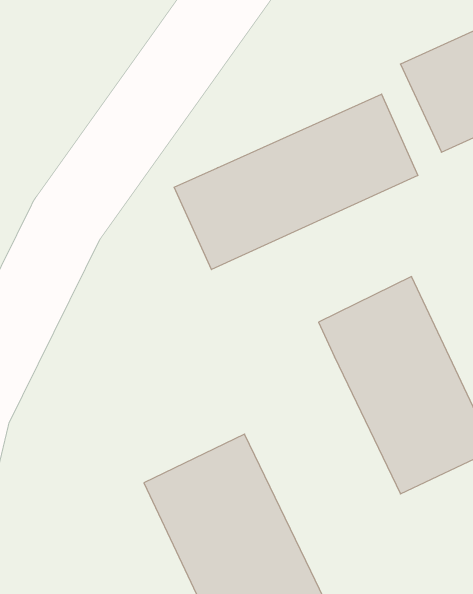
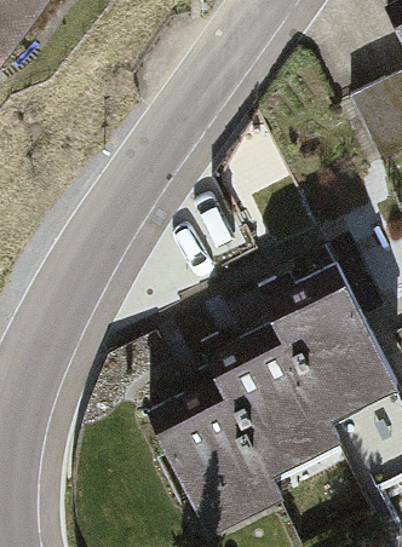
building: [174,94,418,270] -> none
building: none -> [214,315,354,479]

